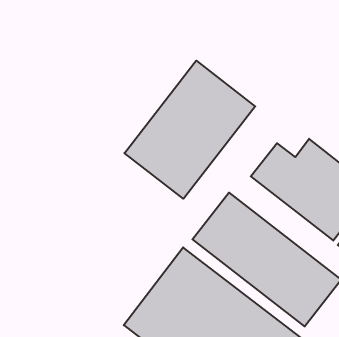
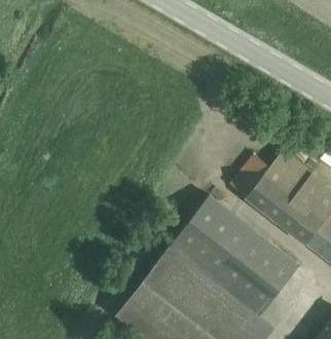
building: [124,61,255,199] -> none

